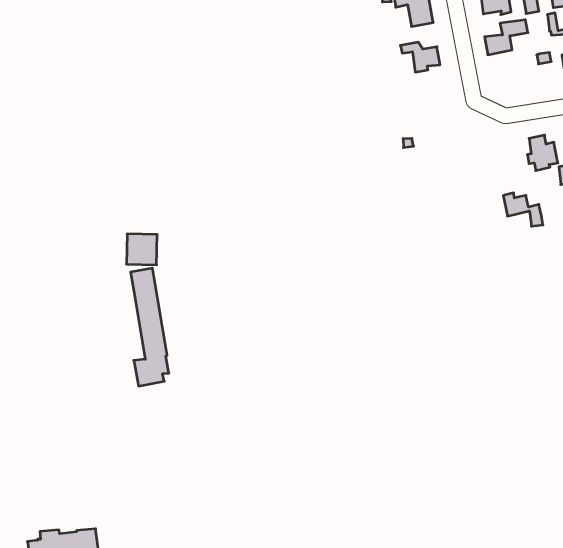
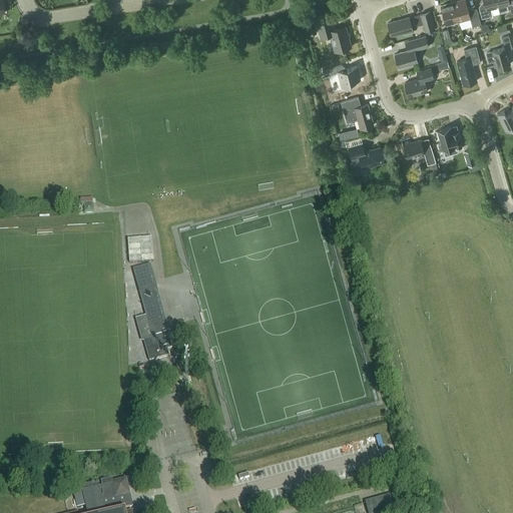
building: none -> [405,68,433,97]
building: none -> [341,97,374,129]
building: none -> [349,144,384,171]
building: [503,193,543,226] -> [402,139,436,164]

